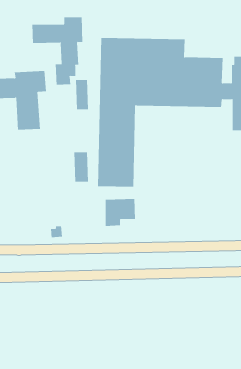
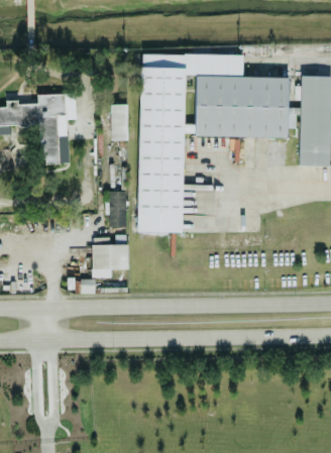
building: [32,17,83,85] -> none
building: [105,199,136,226] -> [92,244,129,277]

